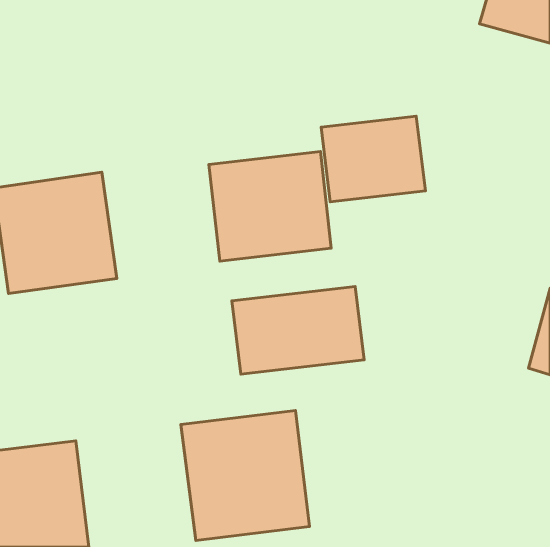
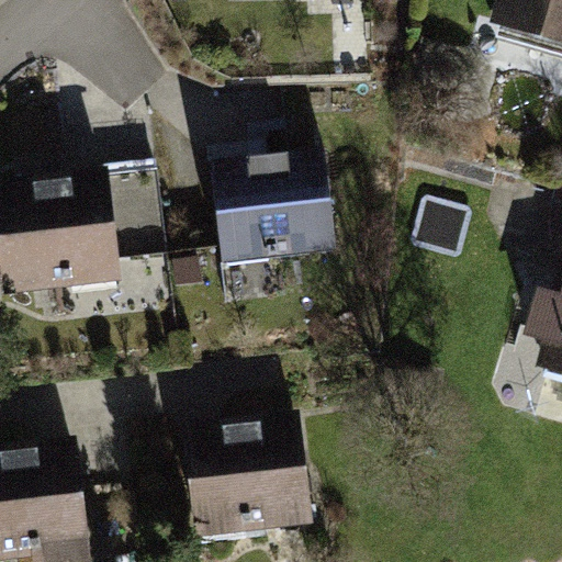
building: [321,116,425,202] -> none
building: [232,286,364,374] -> none

